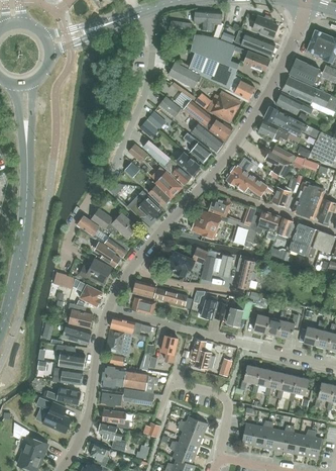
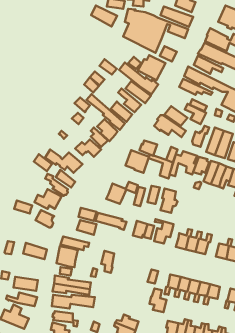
building: [167,63,200,89] -> [91,5,117,27]
building: [67,303,93,327] -> none
building: [190,340,211,369] -> [150,289,167,312]
building: [54,345,85,369] -> none

